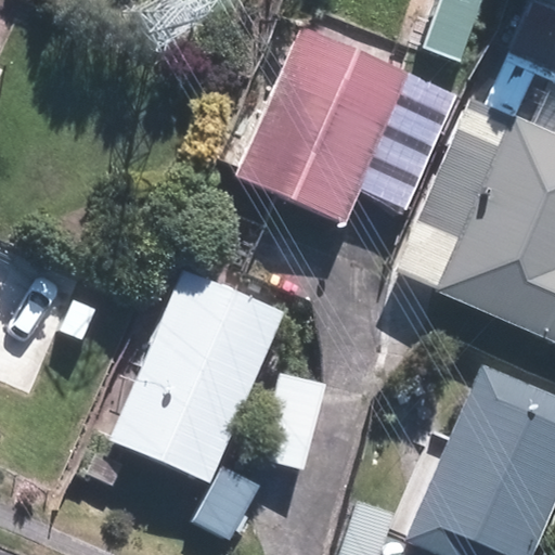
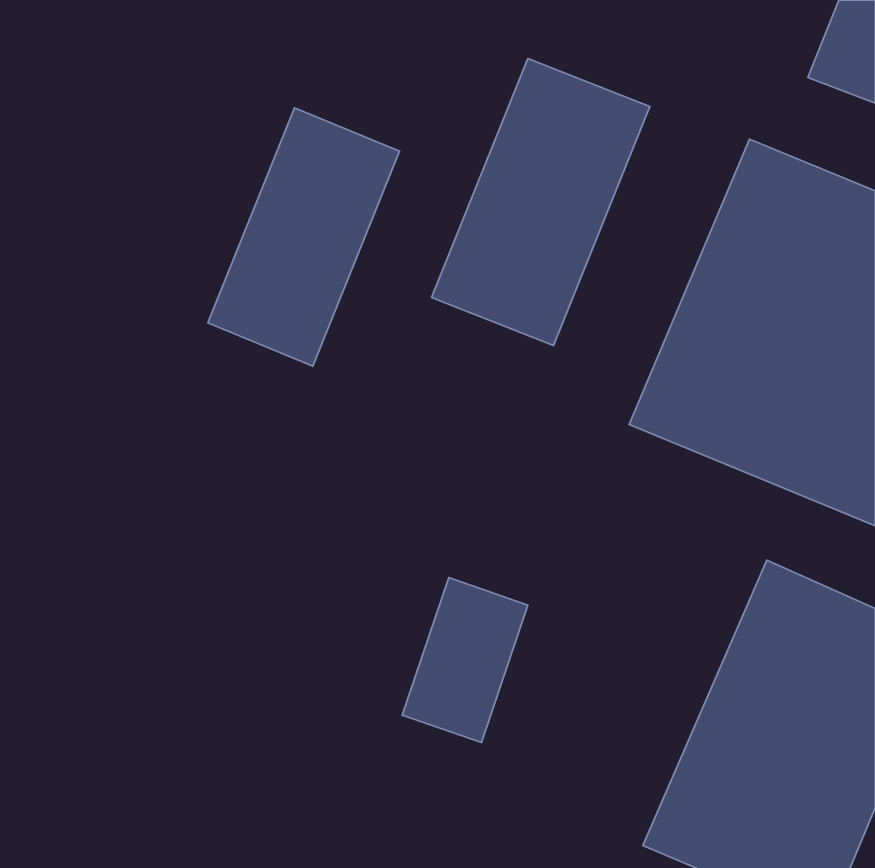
building: none -> [208,108,399,366]
building: [111,267,286,483] -> none

